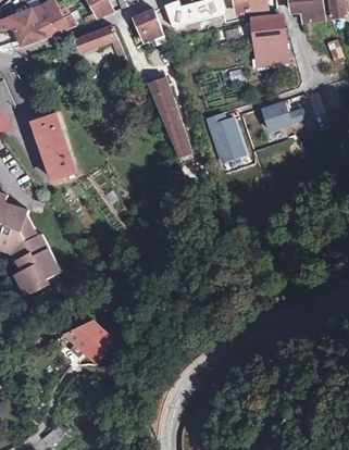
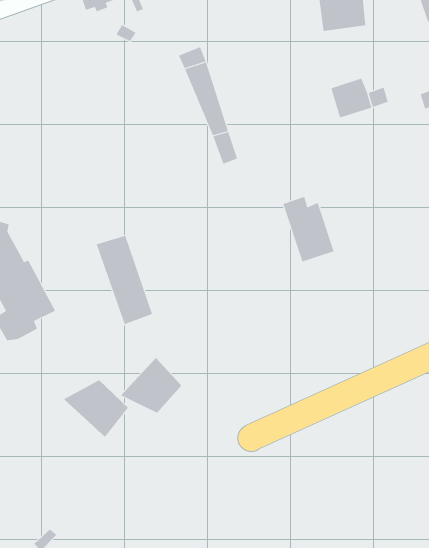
building: [204,112,242,160] -> [282,196,335,262]
building: [34,113,75,178] -> [96,235,153,325]
building: none -> [120,357,182,413]

